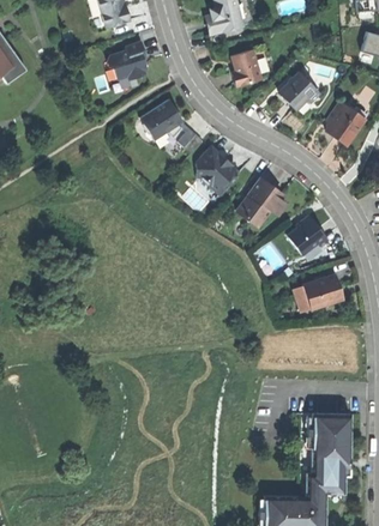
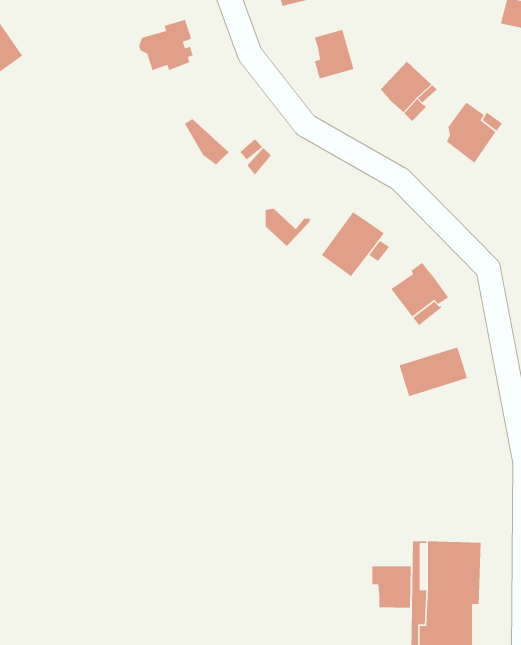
building: [145,99,181,138] -> none
building: [197,147,239,192] -> none
building: none -> [372,565,412,609]

